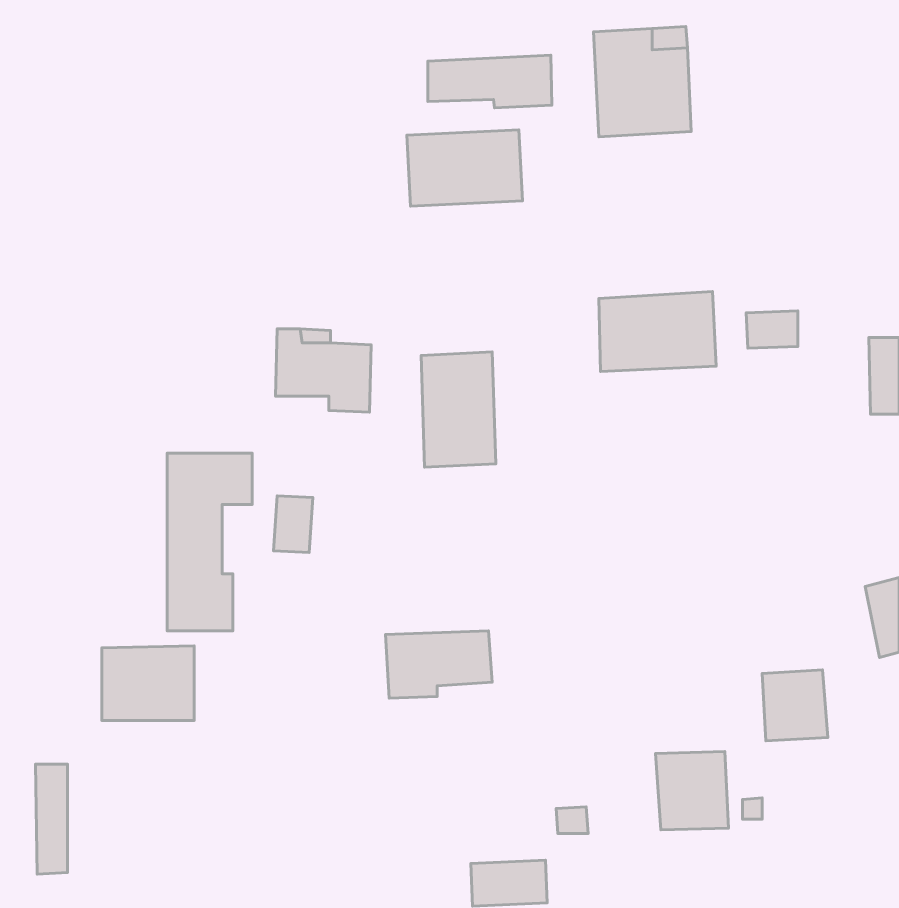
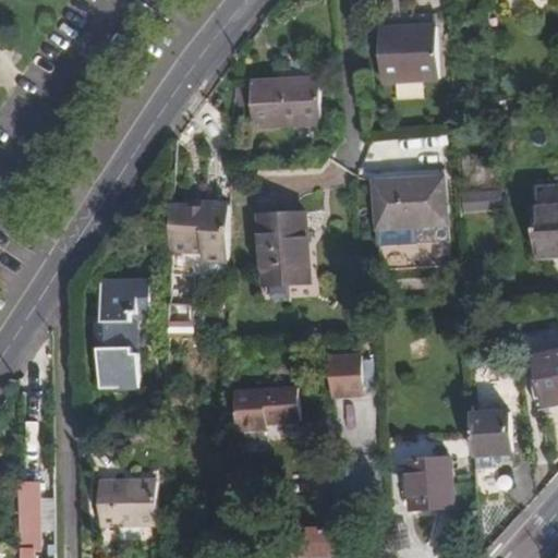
building: [428,55,552,108] -> none
building: none -> [329,356,364,396]
building: [102,646,194,721] -> [108,478,165,524]

